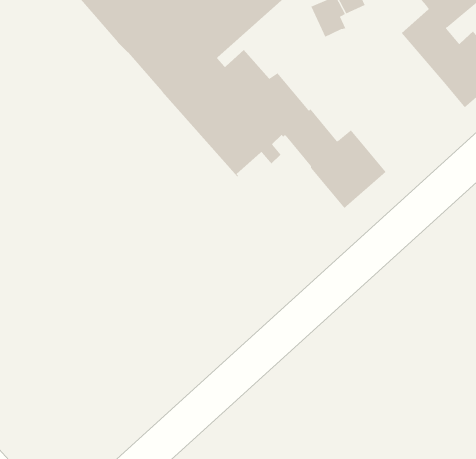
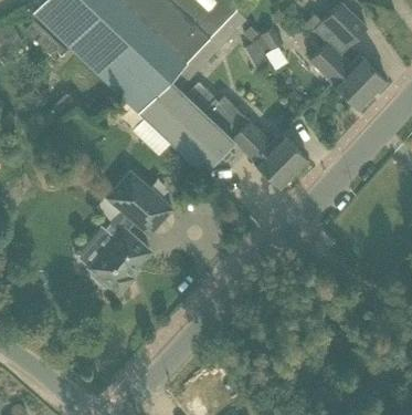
building: none -> [74,172,172,295]

